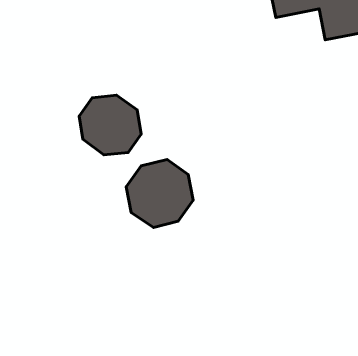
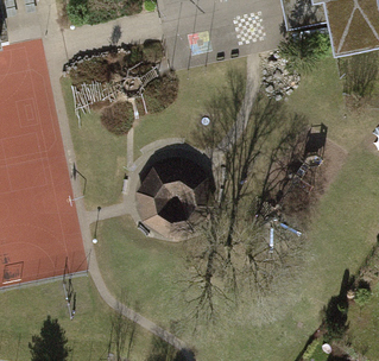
building: [79,95,141,155] -> none

